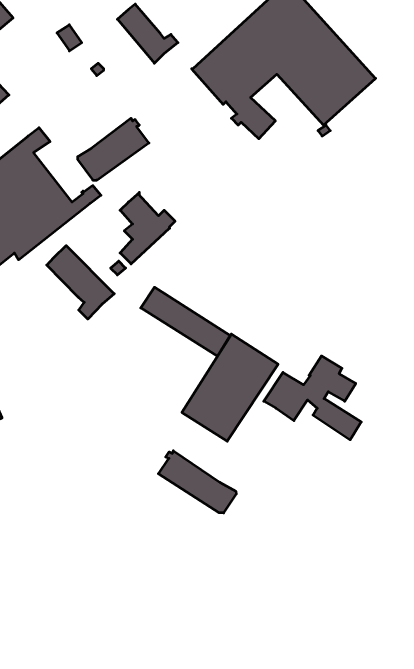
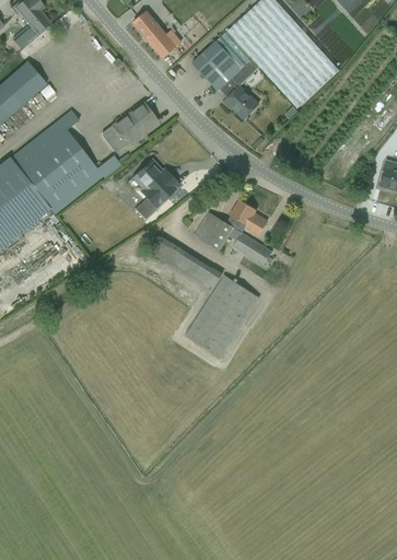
building: [47,246,114,319] -> none
building: [264,356,361,440] -> [195,199,272,266]
building: [158,451,236,513] -> none

